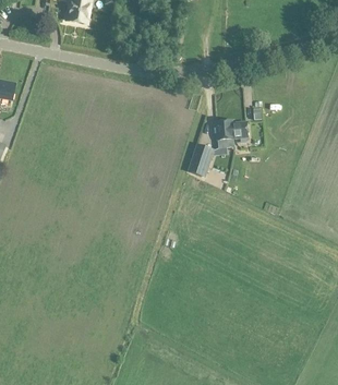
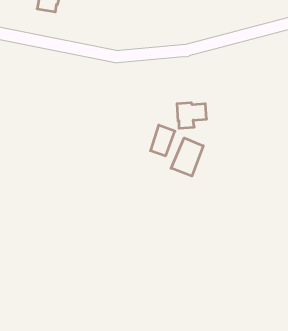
building: none -> [171,138,203,176]

